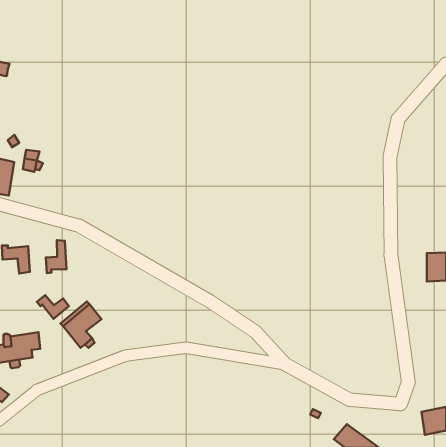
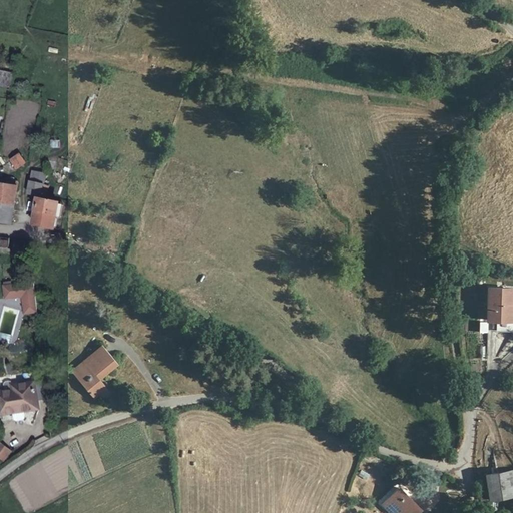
building: none -> [32,199,55,230]
building: [46,240,67,273] -> none
building: [37,295,69,319] -> none

